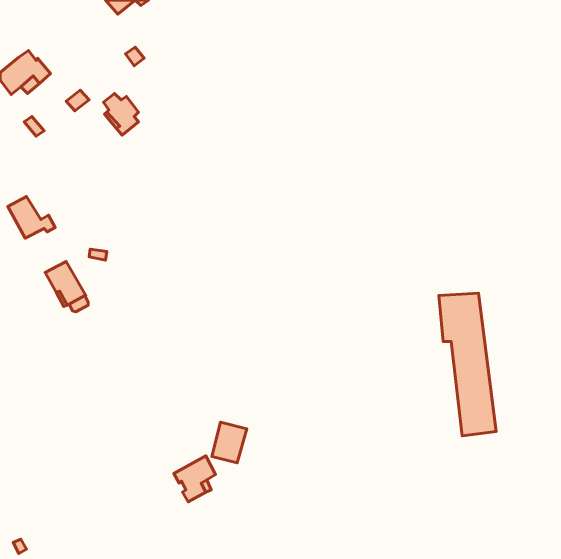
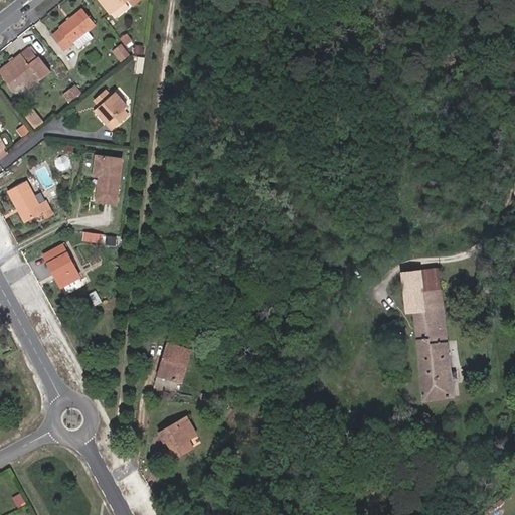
building: none -> [57,11,92,44]
building: none -> [93,155,120,201]
building: [212,422,247,463] -> [159,344,191,381]

